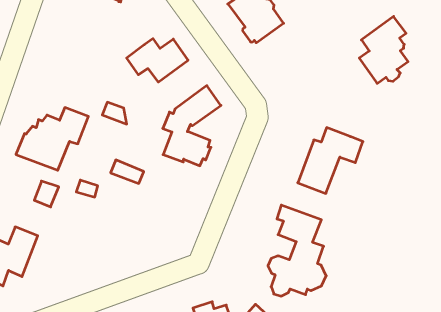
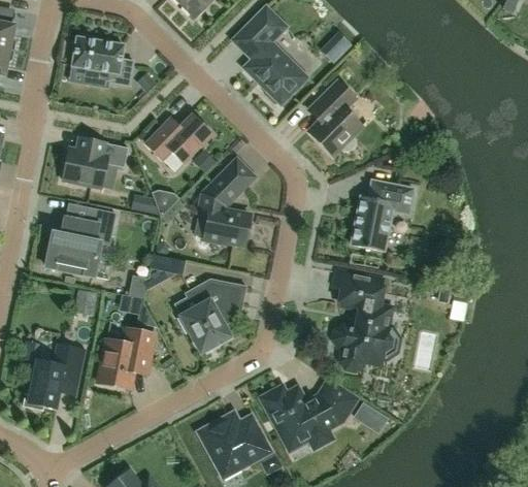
building: [359,16,408,83] -> [307,80,361,155]
building: none -> [62,136,128,188]
building: none -> [176,283,244,354]
building: none -> [97,328,154,388]

